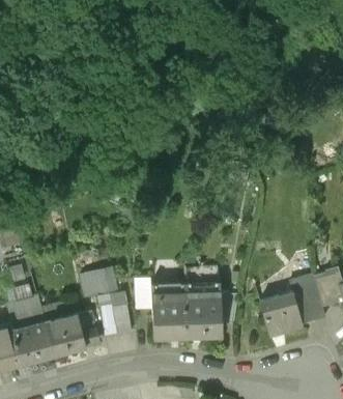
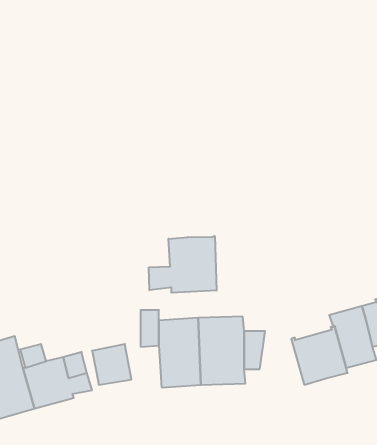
building: none -> [149,236,216,293]
building: [78,268,125,309] -> none

